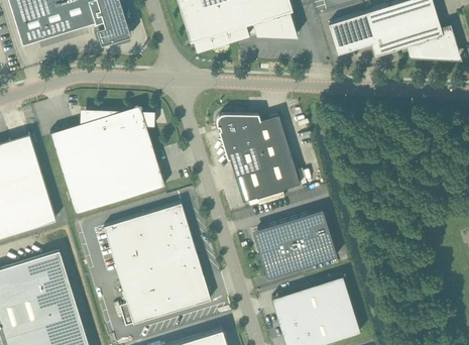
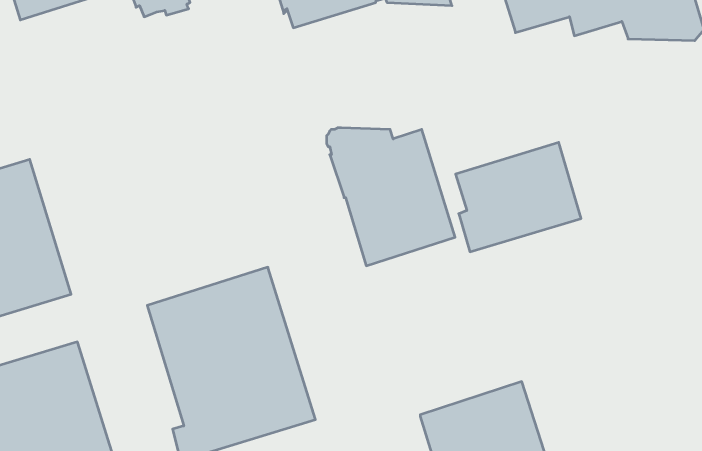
building: [49,111,164,215] -> none
building: [257,210,337,279] -> [456,142,581,252]

